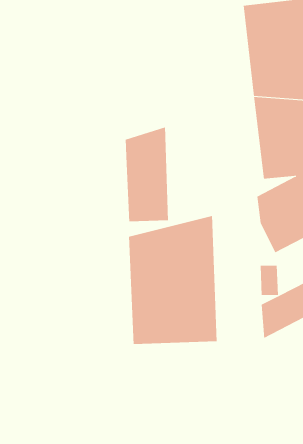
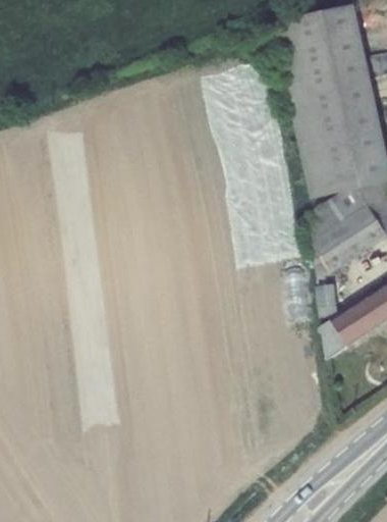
building: [125,126,169,222] -> none
building: [128,215,217,345] -> none

